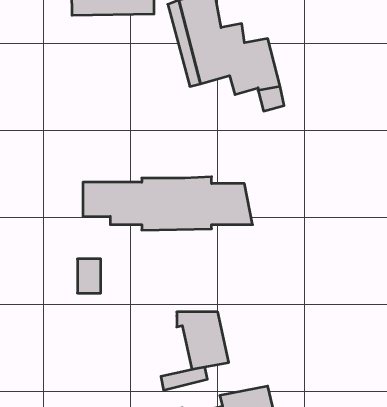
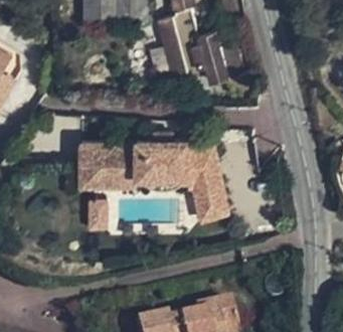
building: none -> [81,145,138,183]
building: [177,312,229,369] -> [189,176,227,218]

